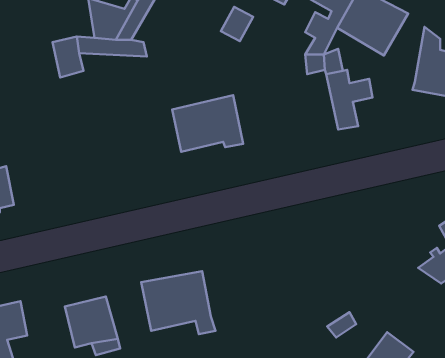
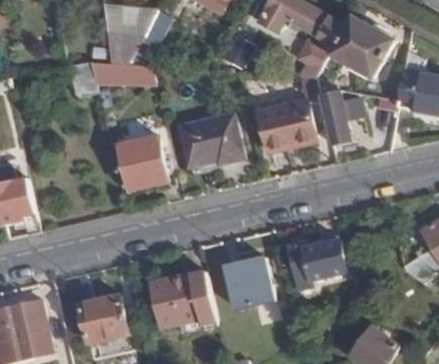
building: none -> [256,99,315,153]
building: none -> [118,136,167,190]
building: none -> [289,236,348,289]
building: none -> [226,256,274,307]

